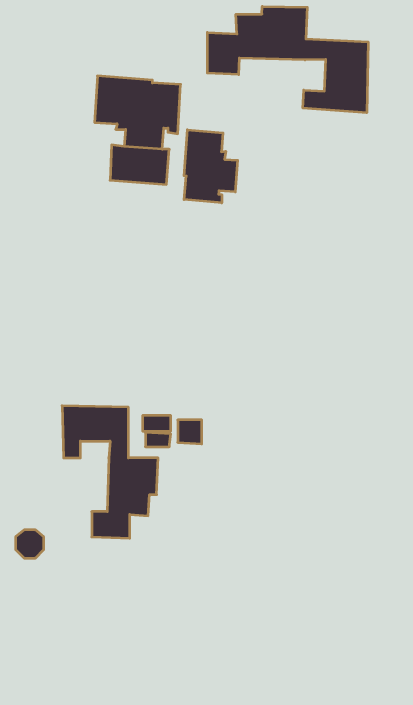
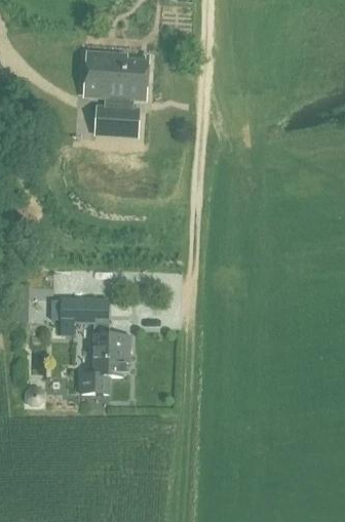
building: [207,6,368,113] -> none
building: [184,130,238,203] -> none

